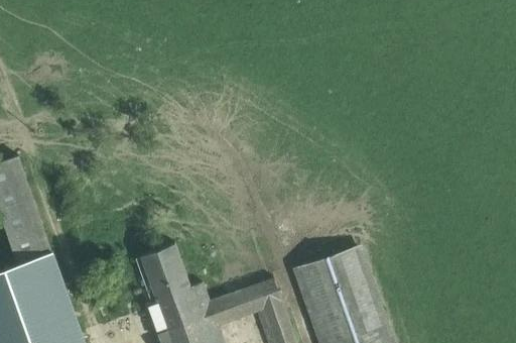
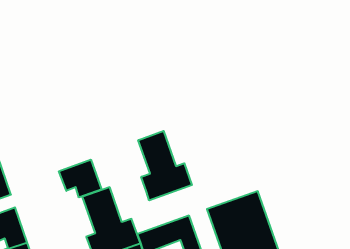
building: none -> [138,131,192,200]
building: none -> [59,160,101,197]

